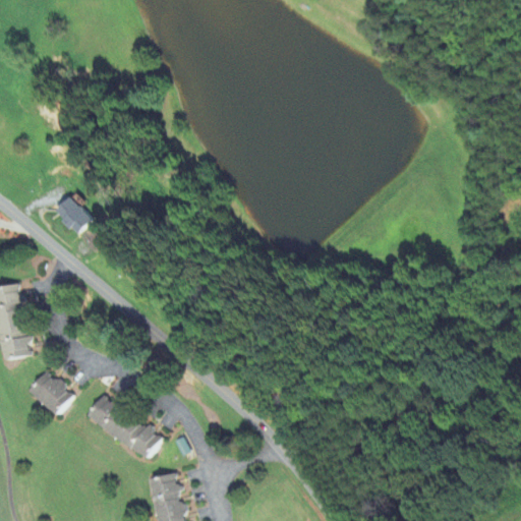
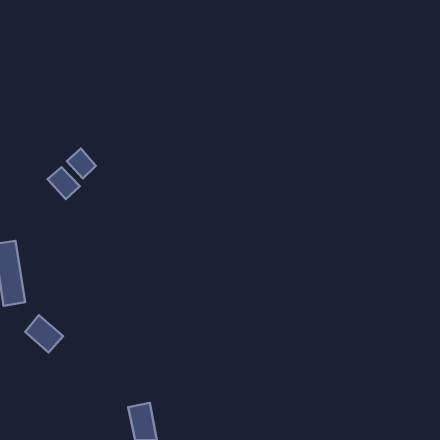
building: none -> [67,149,96,179]
building: [86,396,161,457] -> none

